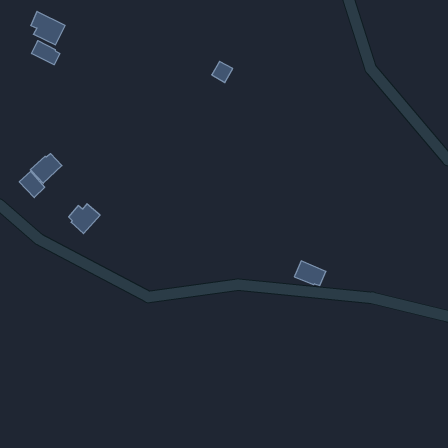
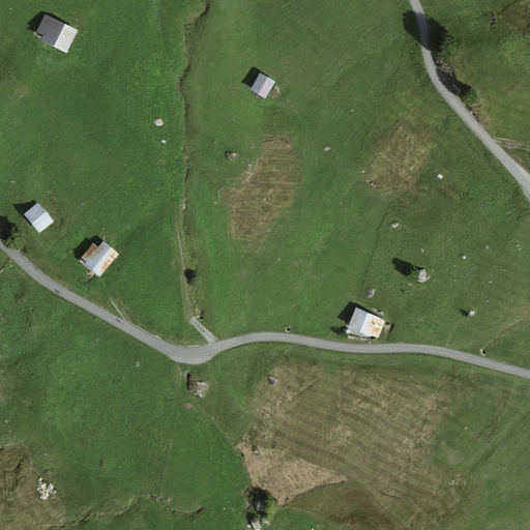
building: [32,41,60,65] -> none
building: [30,154,62,183] -> none

